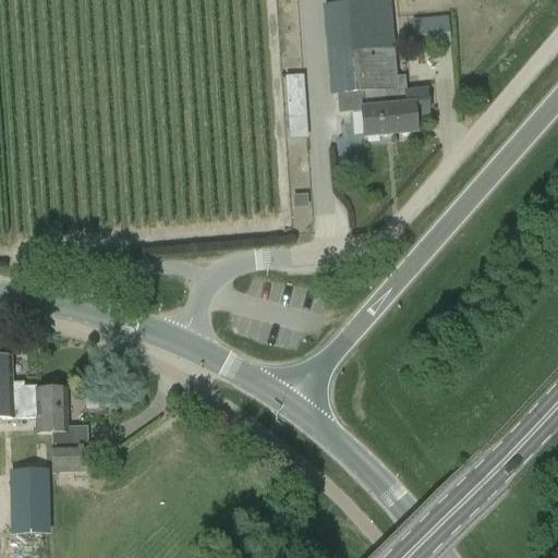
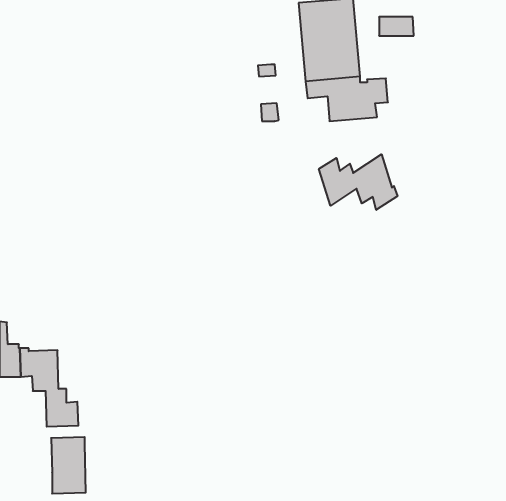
building: none -> [319,154,397,210]
building: [11,466,49,529] -> [51,437,86,494]

